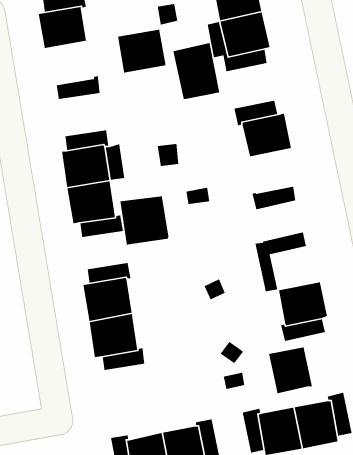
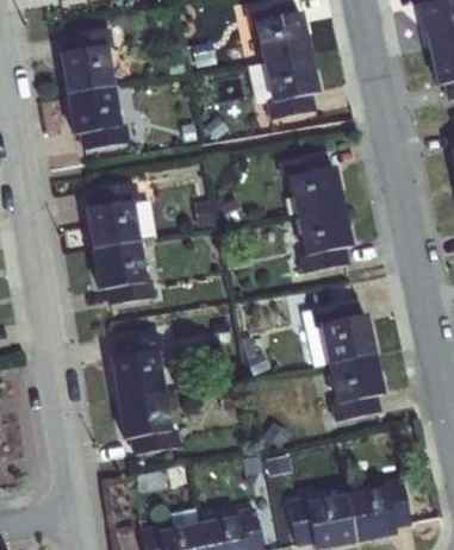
building: [117,29,166,73] -> [67,85,122,135]
building: [172,42,220,100] -> none
building: none -> [297,205,353,255]
building: [119,196,169,246] -> none
building: none -> [321,313,377,363]
building: [268,346,313,394] -> none

